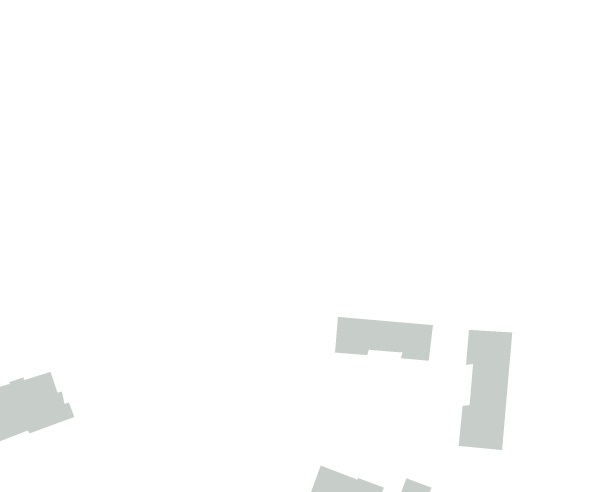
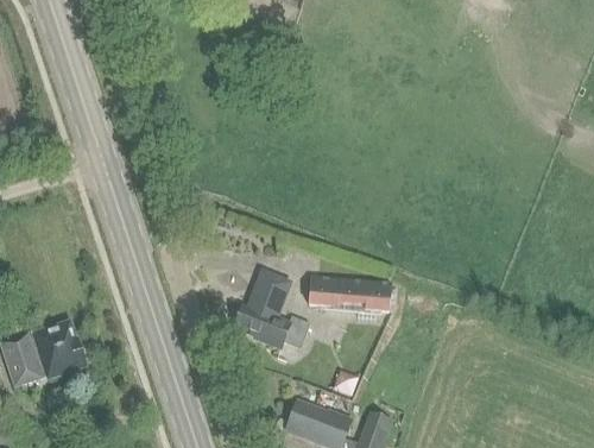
building: none -> [233,271,310,349]
building: [458,329,513,451] -> none

